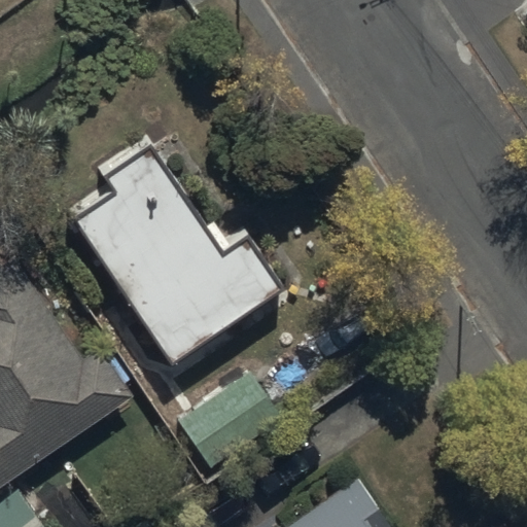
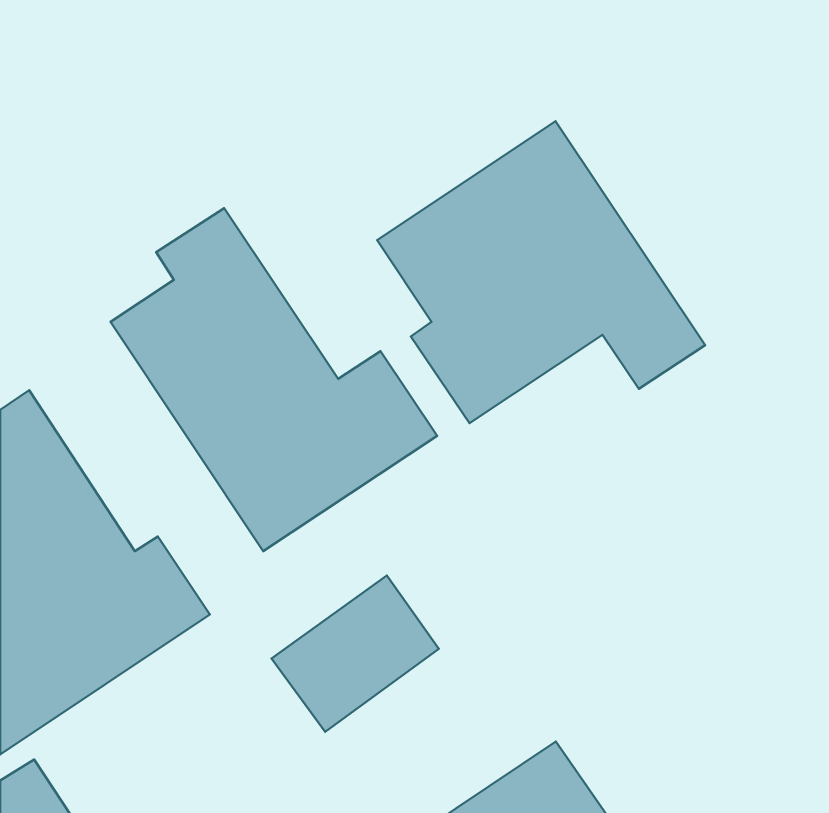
building: none -> [377,121,705,423]

